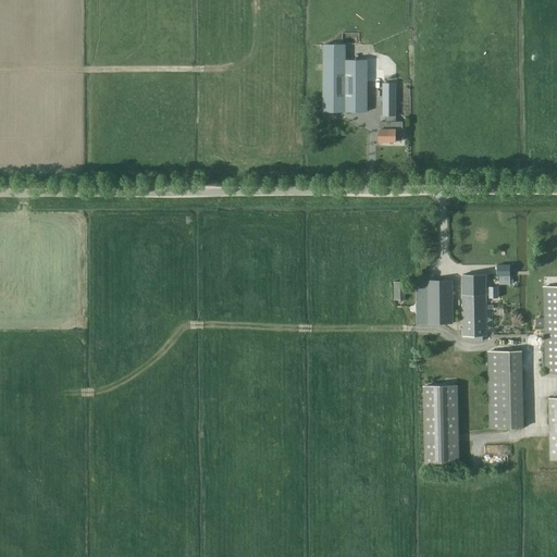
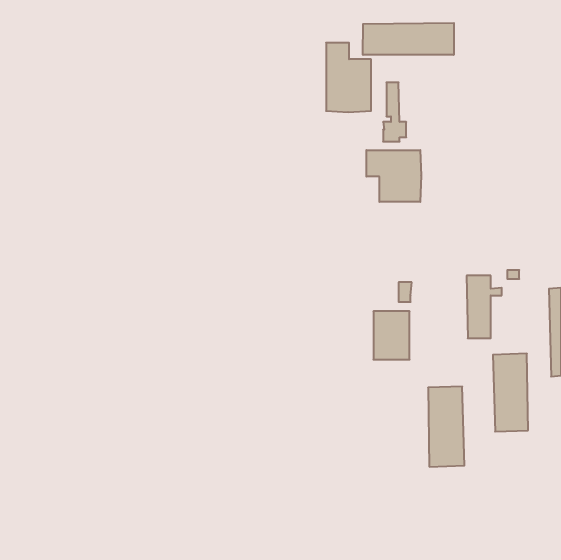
building: none -> [363,23,454,55]
building: none -> [366,150,421,202]
building: [418,281,454,329] -> [373,311,410,360]

